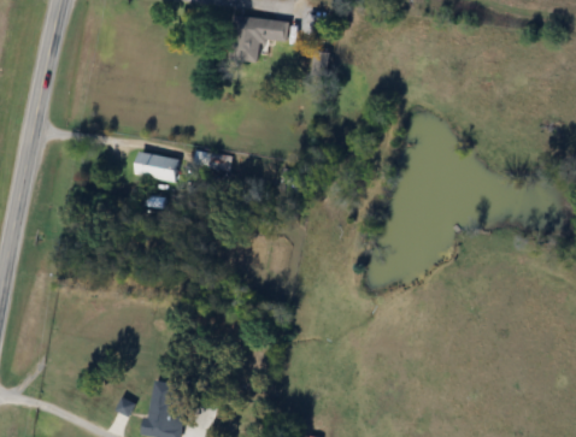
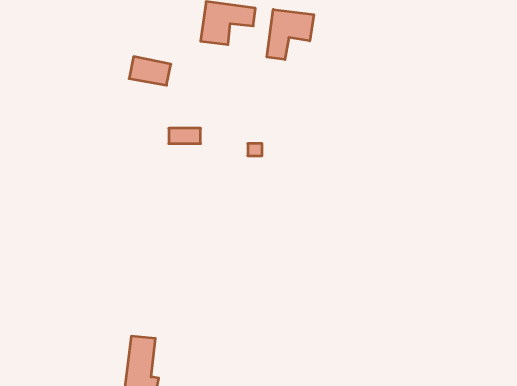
building: none -> [267,9,314,60]
building: [134,152,180,183] -> [129,57,171,85]

